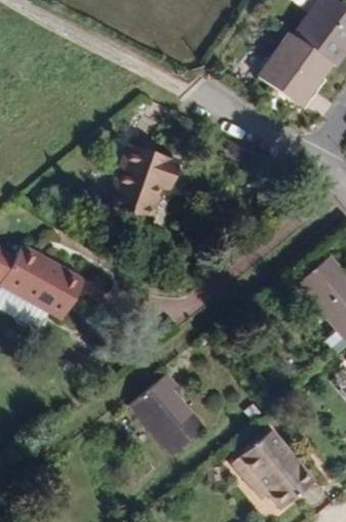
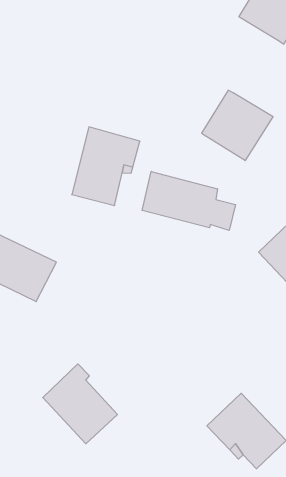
building: [257,32,333,107] -> [202,90,273,161]
building: none -> [142,171,235,230]
building: [128,371,205,455] -> [43,364,117,444]

